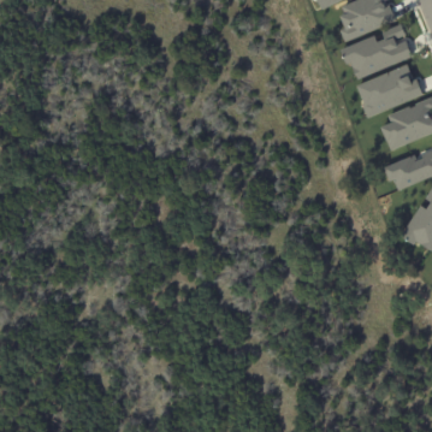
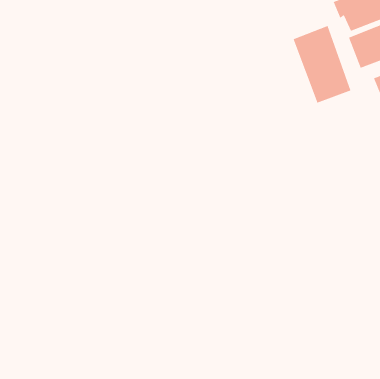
building: none -> [293,25,351,103]

